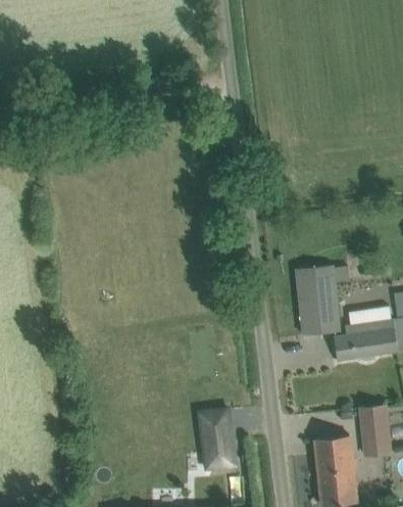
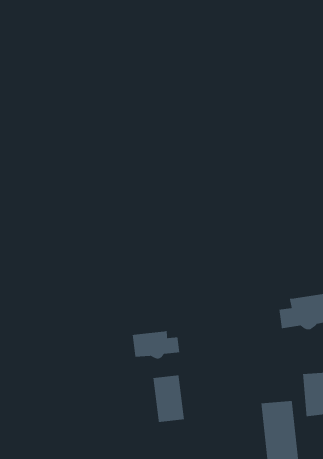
building: [296,266,348,336] -> none
building: none -> [132,330,180,360]

